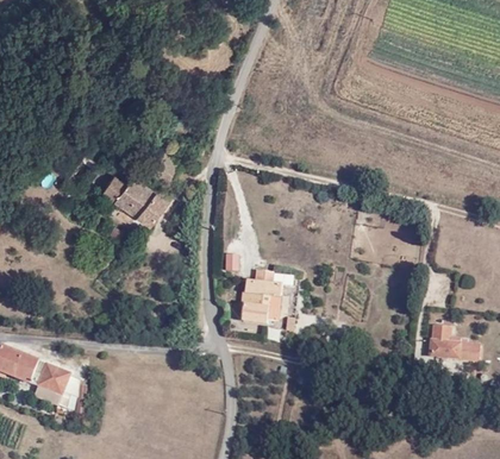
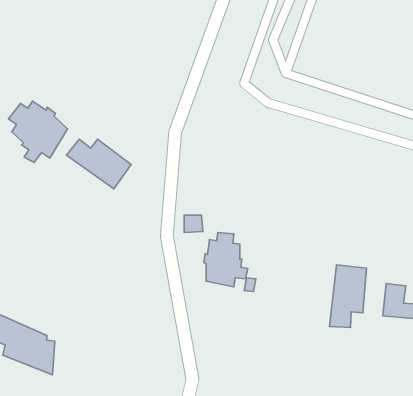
building: none -> [8,101,68,163]
building: none -> [330,265,366,328]

